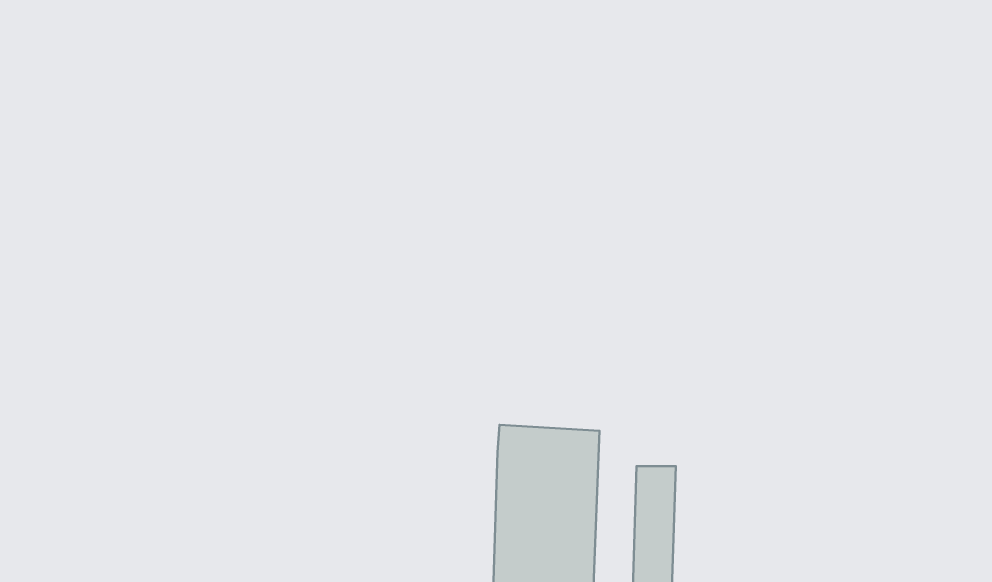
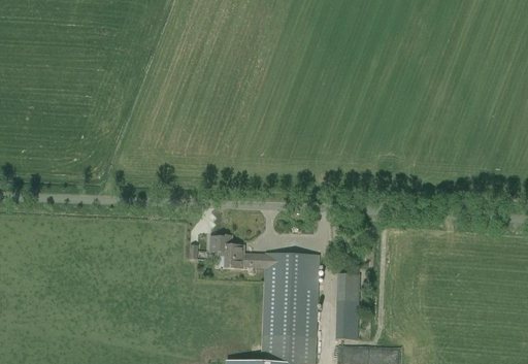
building: none -> [210,235,266,268]

